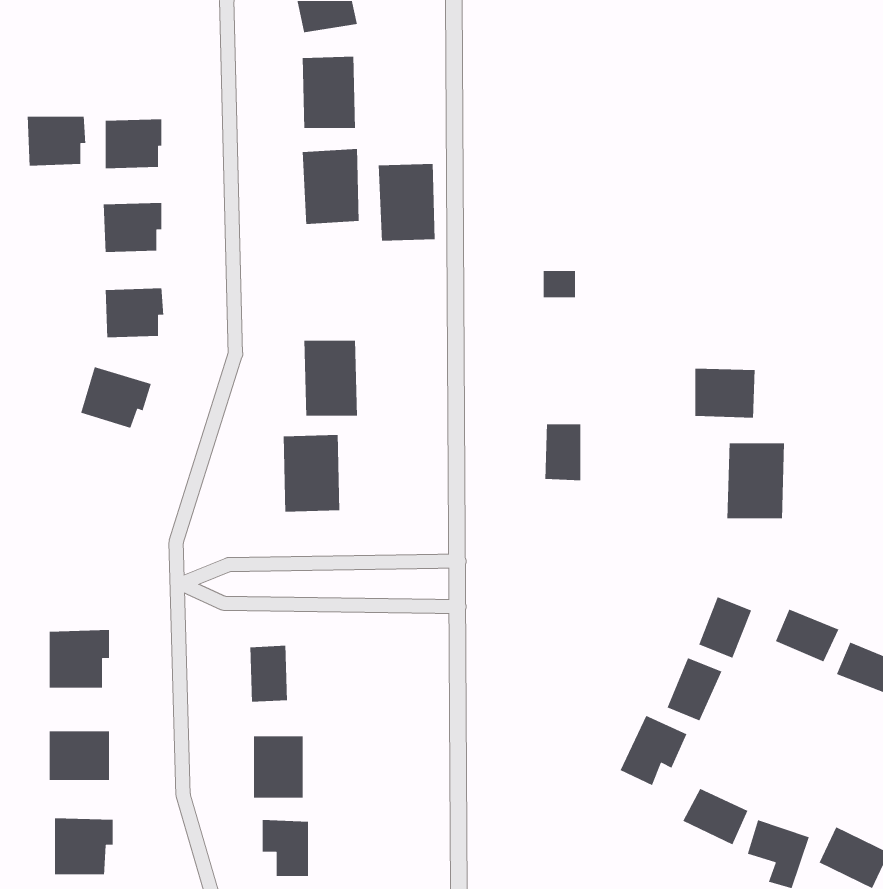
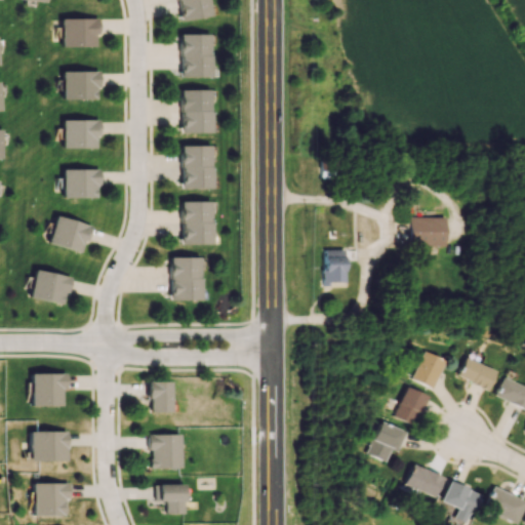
building: [27,116,86,166] -> [66,18,100,48]
building: [378,163,435,242] -> [183,146,216,192]
building: [727,442,785,519] -> none
building: none -> [33,270,73,304]

